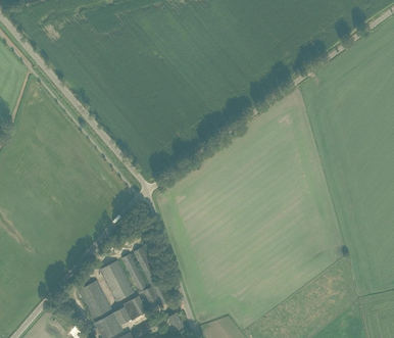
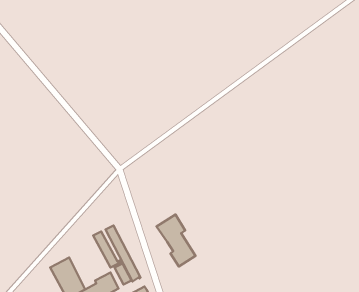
building: none -> [156,215,196,267]
building: [98,260,133,301] -> none

